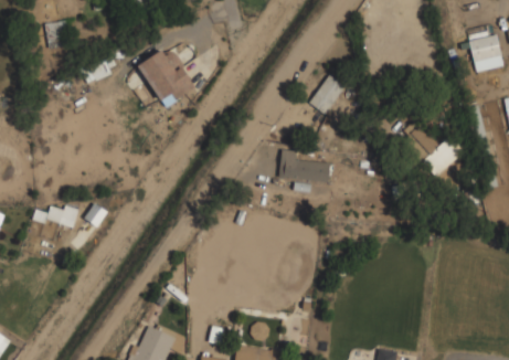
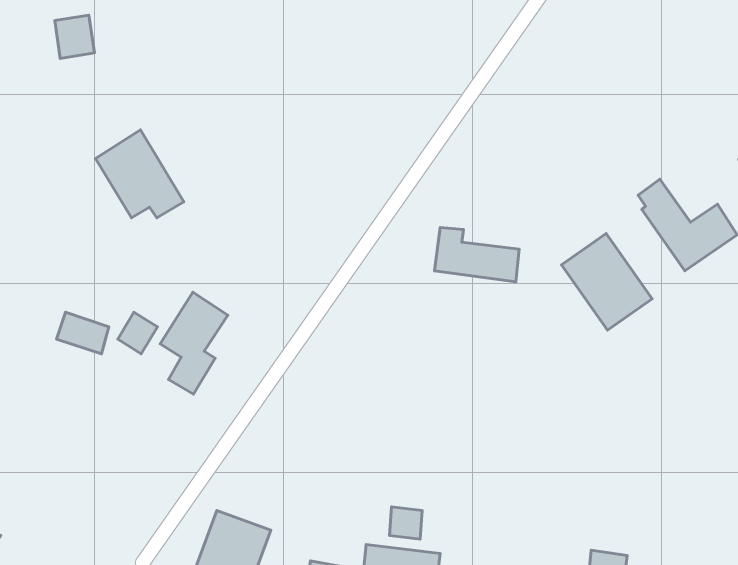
building: [139,45,193,99] -> [96,130,184,218]
building: [307,74,344,115] -> none
building: none -> [562,234,652,330]
building: none -> [160,292,228,394]

